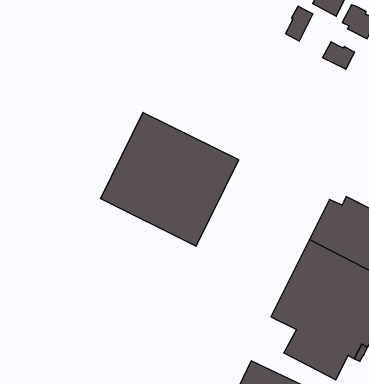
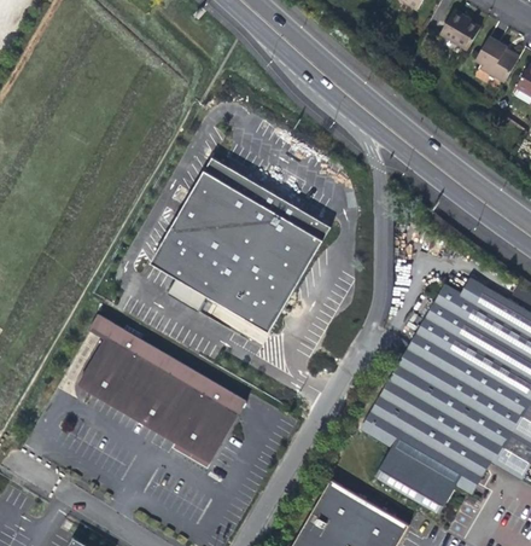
building: [286,6,313,41] -> none
building: [322,42,355,69] -> none
building: none -> [80,313,246,458]

